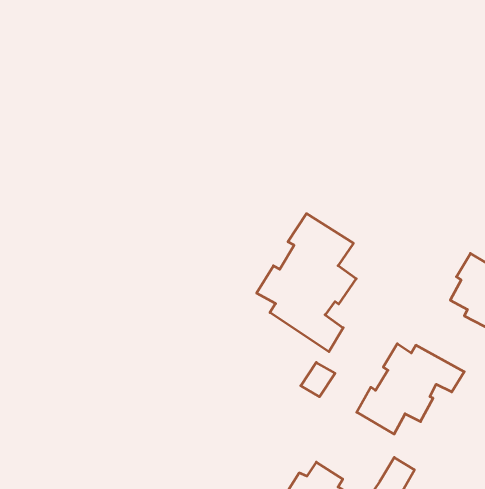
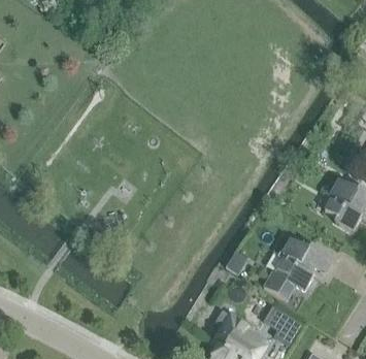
building: [257,214,356,352] -> none

